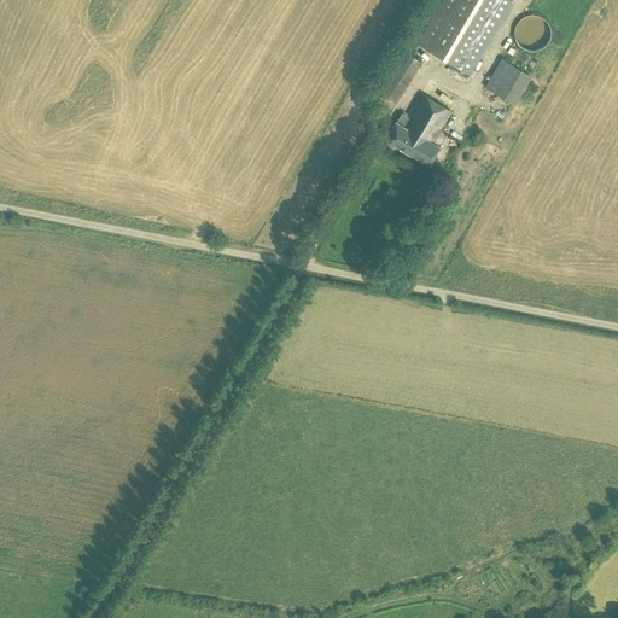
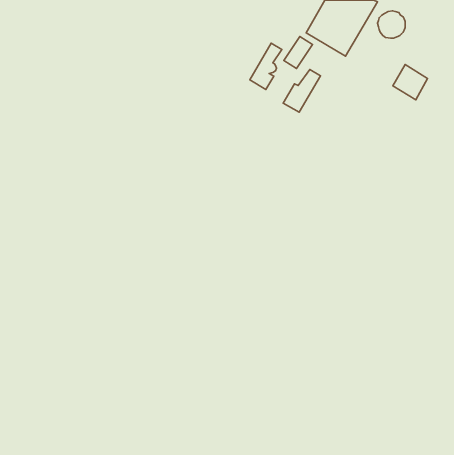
building: [483,58,530,106] -> [393,64,428,100]
building: [406,103,449,165] -> [250,43,282,90]

